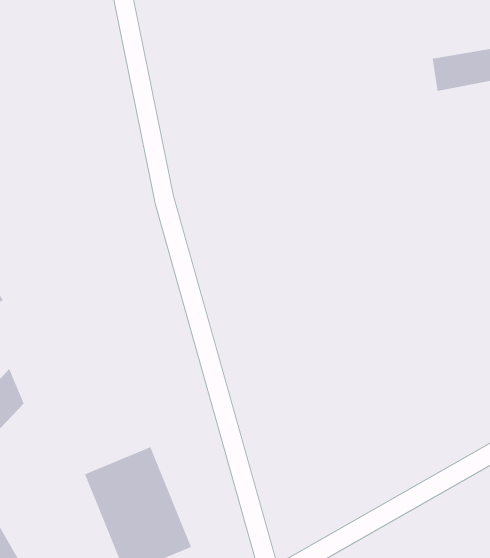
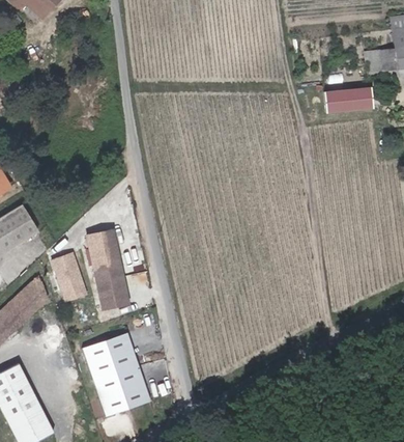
building: none -> [87,229,128,308]
building: none -> [53,253,86,300]

